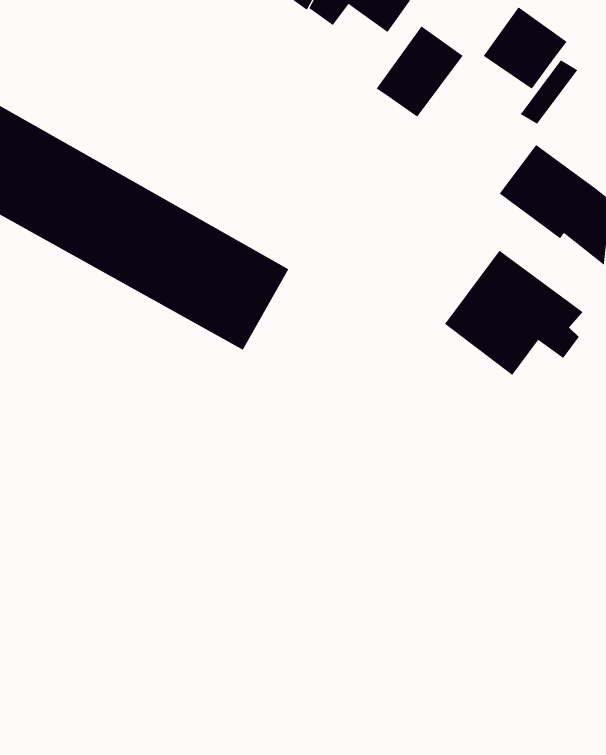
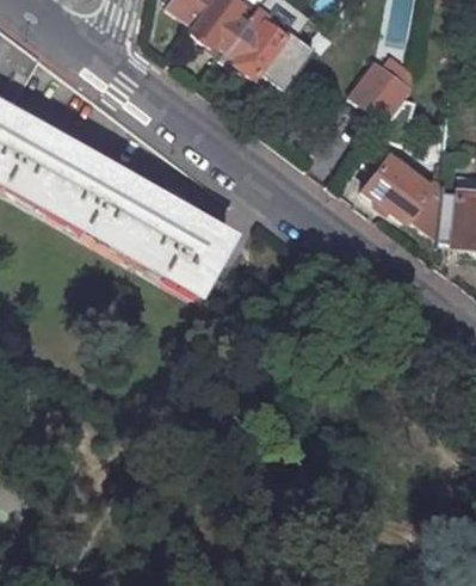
building: [376,25,463,117] -> none
building: [444,250,583,376] -> none

